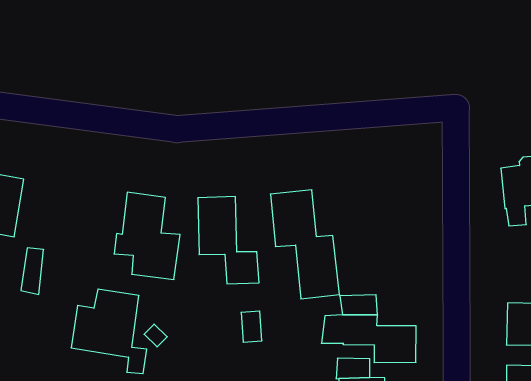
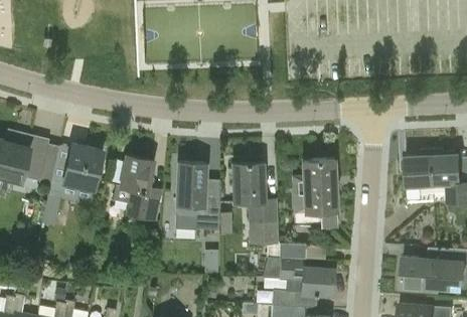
building: none -> [291,159,337,226]
building: [71,289,147,374] -> [48,143,105,208]

